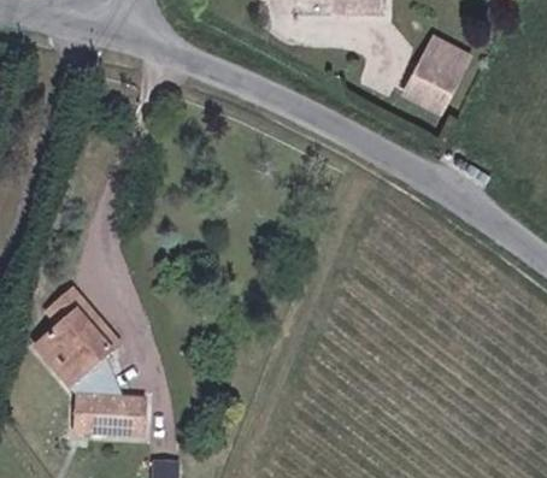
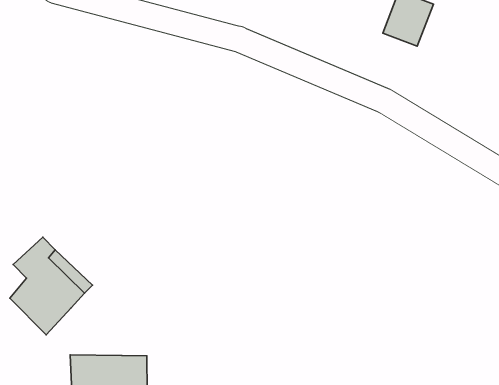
building: [57,344,129,395] -> none

